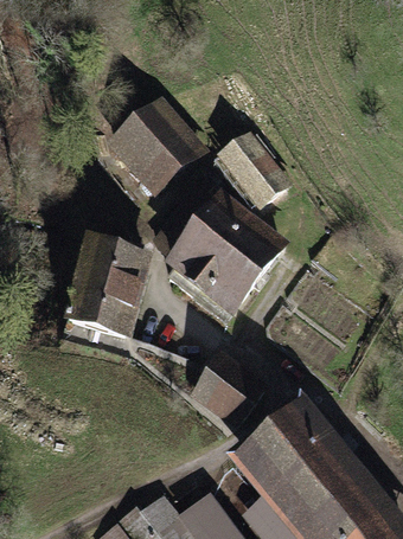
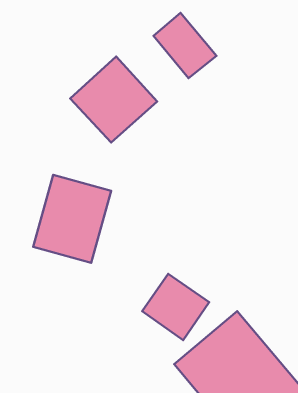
building: [217,133,292,210] -> [154,13,217,78]
building: [161,188,288,317] -> none

